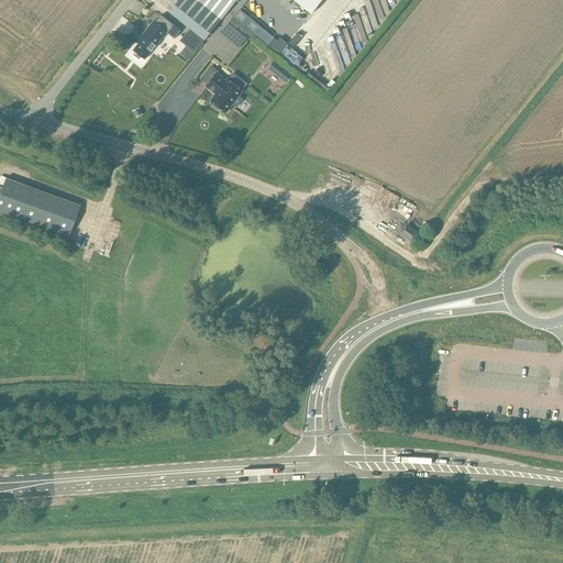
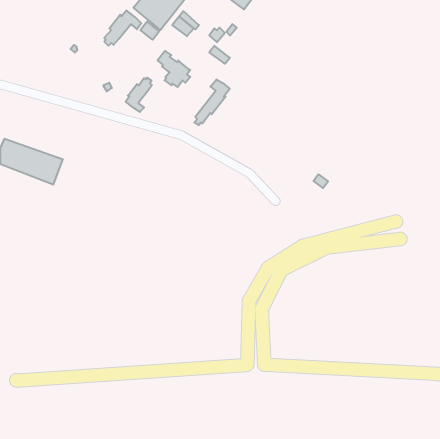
building: none -> [126,78,152,112]
building: none -> [194,79,230,125]

